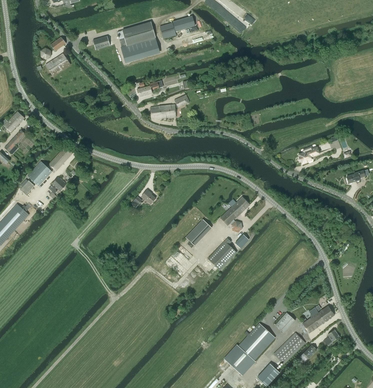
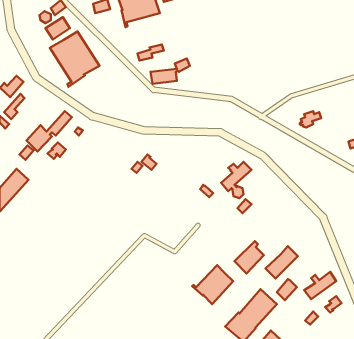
building: none -> [50,31,100,87]
building: [207,238,236,270] -> [235,241,264,273]
building: none -> [192,265,233,304]
building: [273,332,305,364] -> [266,246,298,279]

